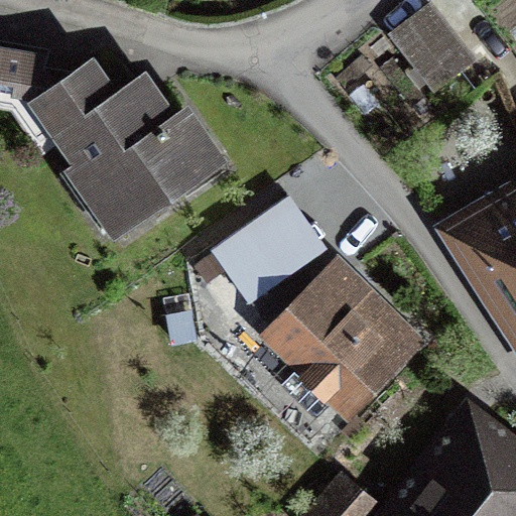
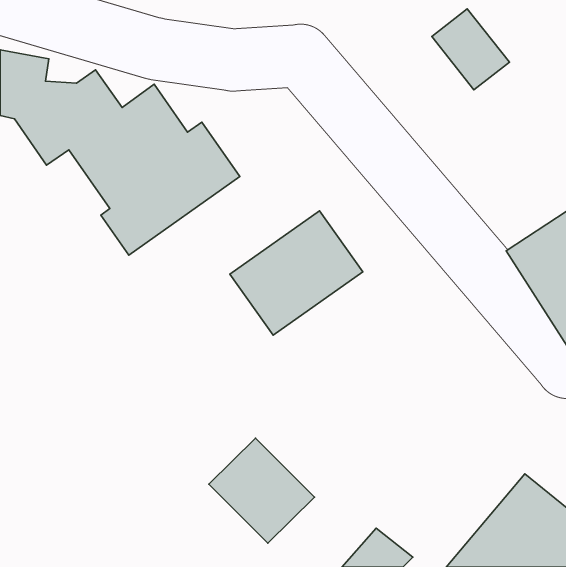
building: [275,264,415,418] -> none
building: none -> [209,438,314,543]

